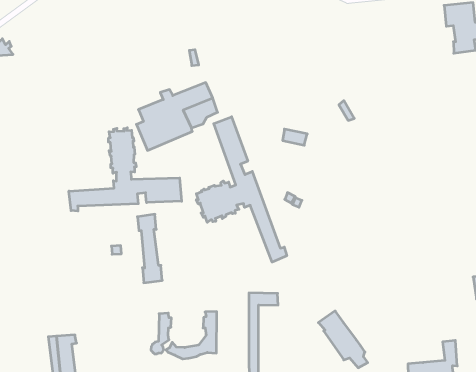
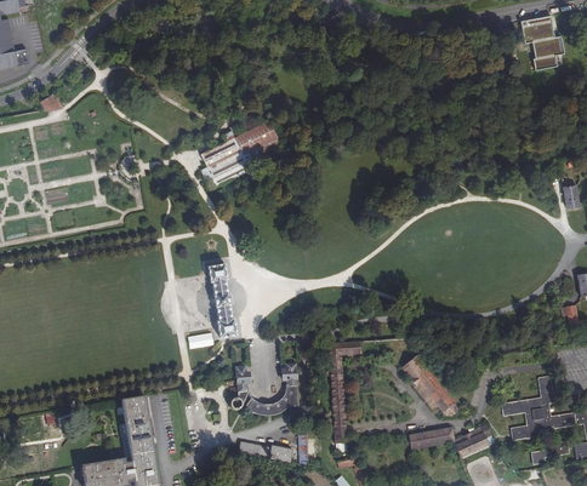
building: [196,117,287,262] -> none
building: [69,128,182,211] -> none

